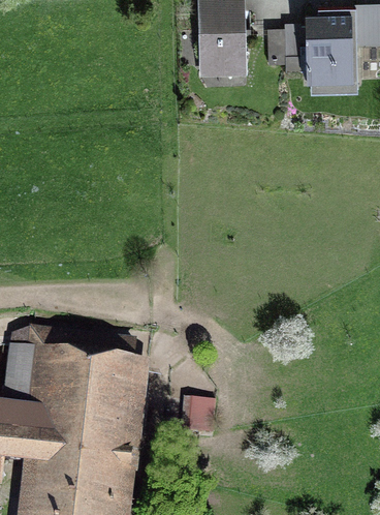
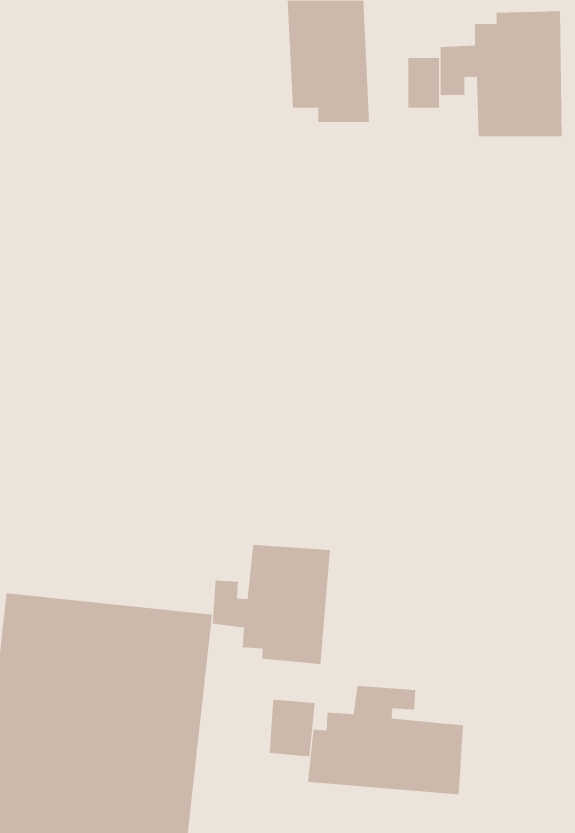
building: none -> [212,544,331,665]
building: none -> [308,685,464,795]

